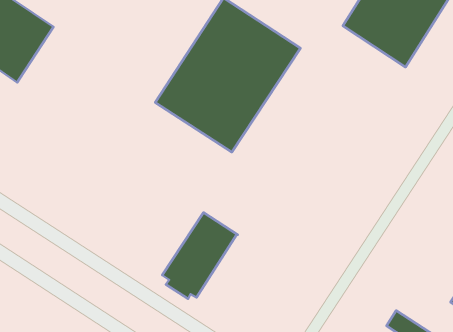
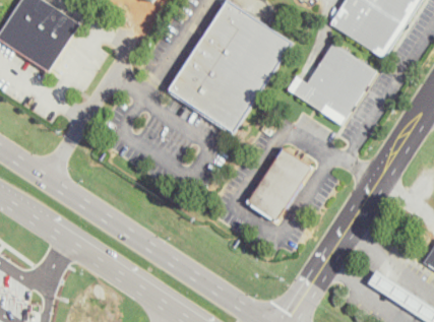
building: none -> [287,43,375,124]
building: [162,213,238,299] -> [247,148,312,222]

